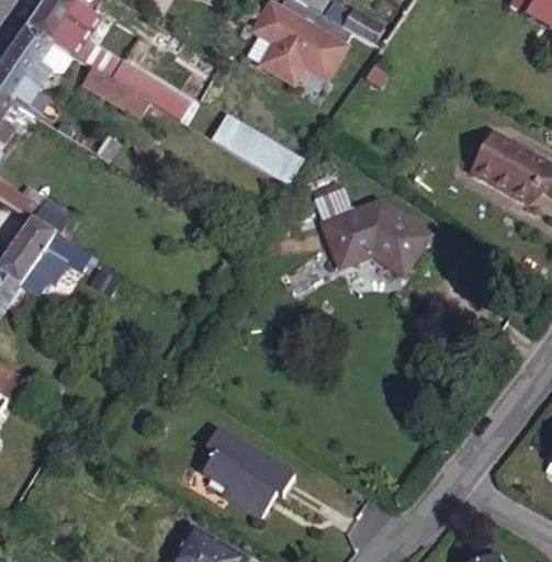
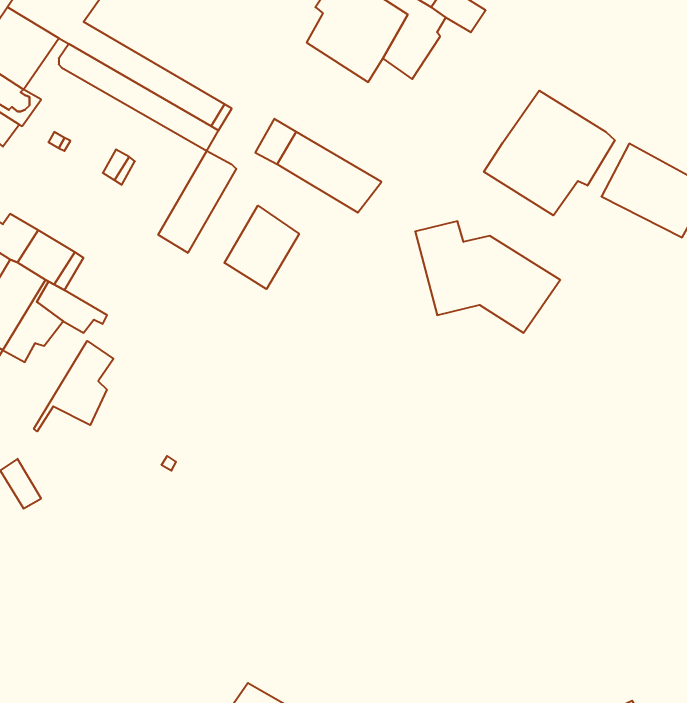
building: none -> [484,91,615,215]
building: none -> [158,151,236,253]
building: none -> [224,206,299,289]
building: none -> [34,341,113,431]
building: [214,435,305,525] -> none

